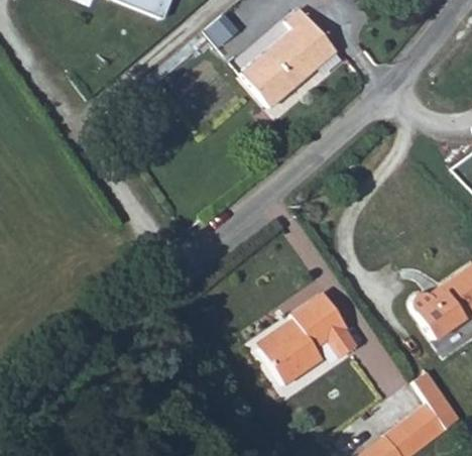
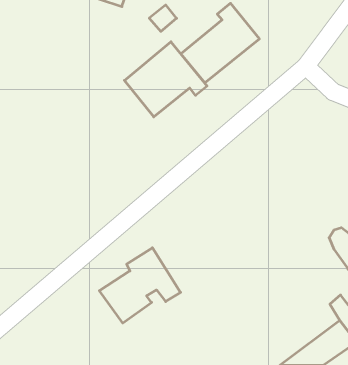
building: none -> [124,42,207,117]
building: [256,290,355,381] -> [99,248,181,323]

